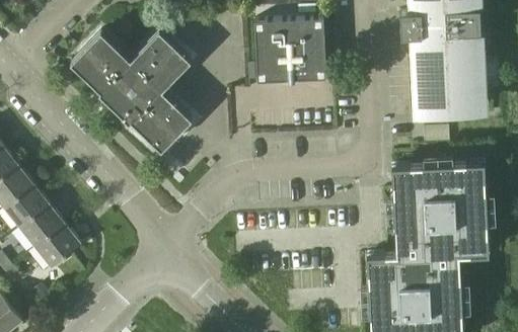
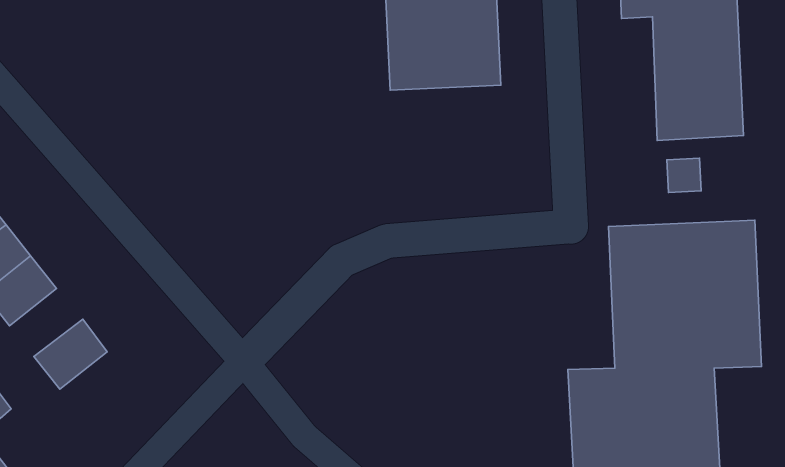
building: [70,30,192,151] -> none
building: [19,205,65,248] -> none

